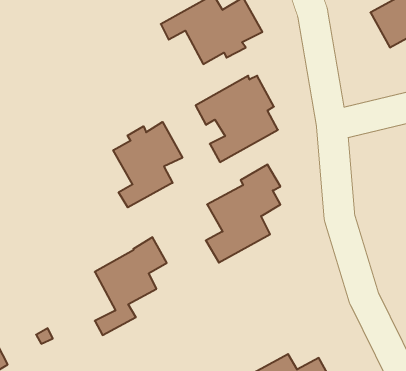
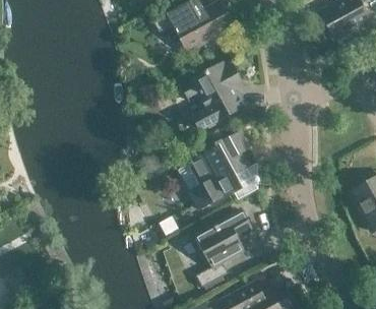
building: [113,122,182,207] -> none
building: [95,237,167,335] -> [195,210,252,288]

